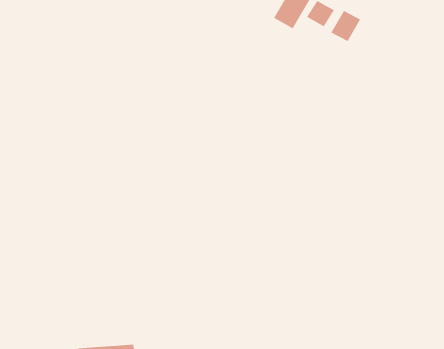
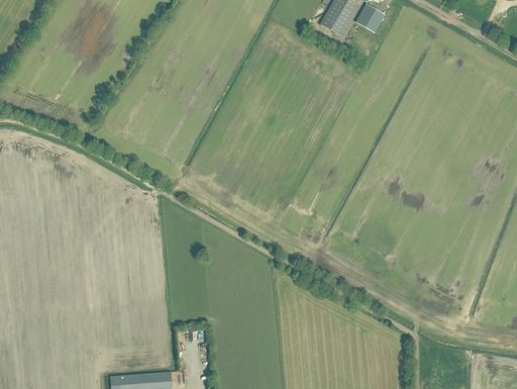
building: [331,10,361,42] -> none

